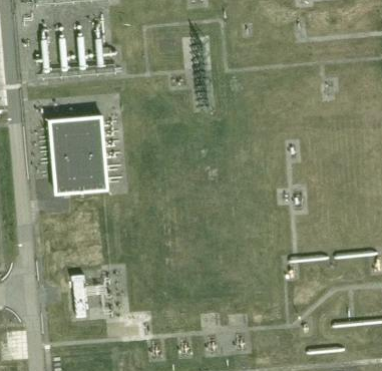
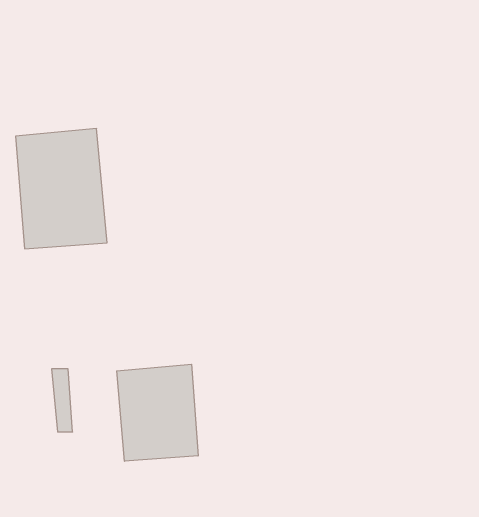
building: none -> [117,364,198,461]

